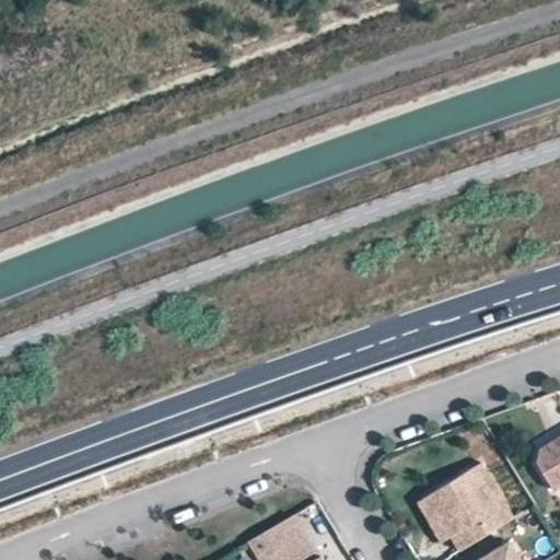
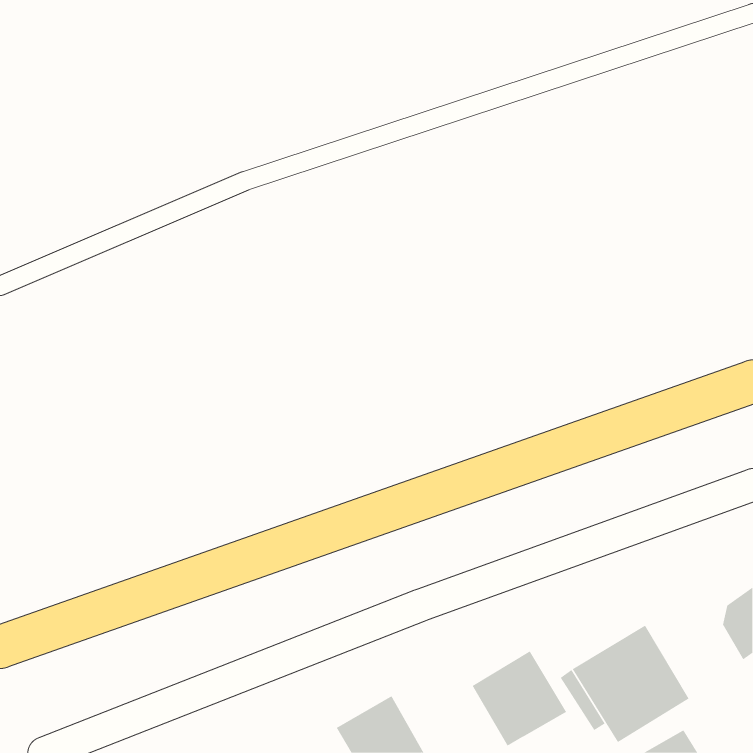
building: none -> [472,651,567,746]

